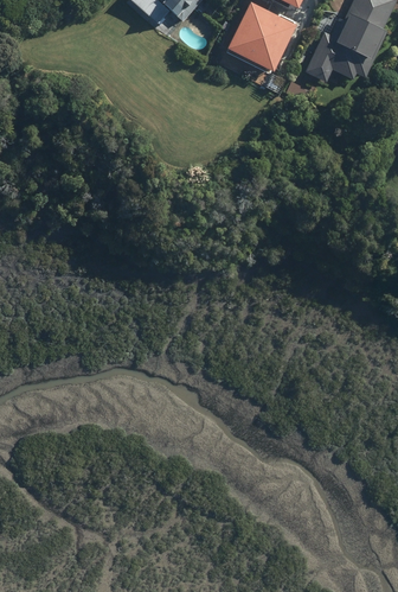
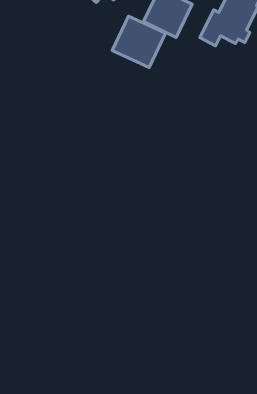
building: none -> [112,16,165,68]

